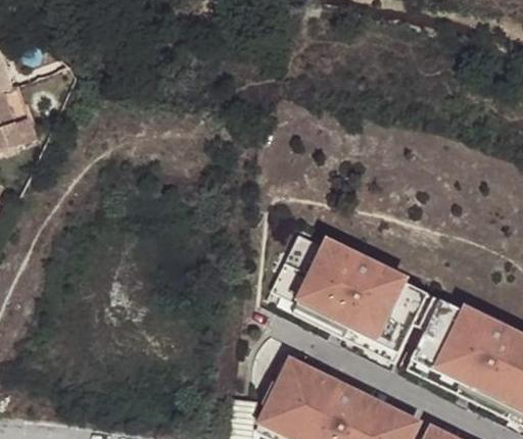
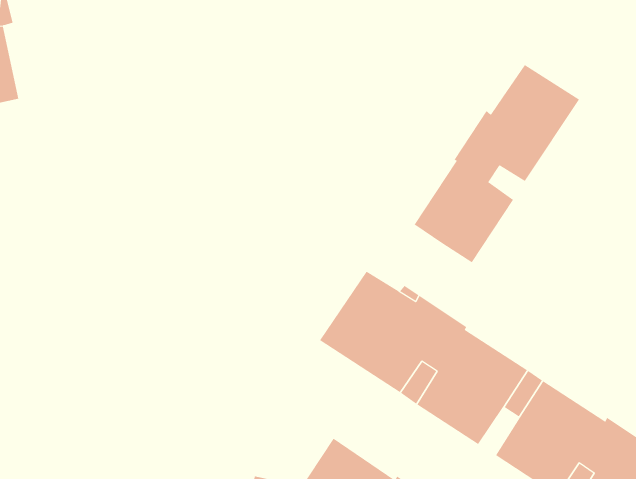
building: none -> [414,64,580,263]

